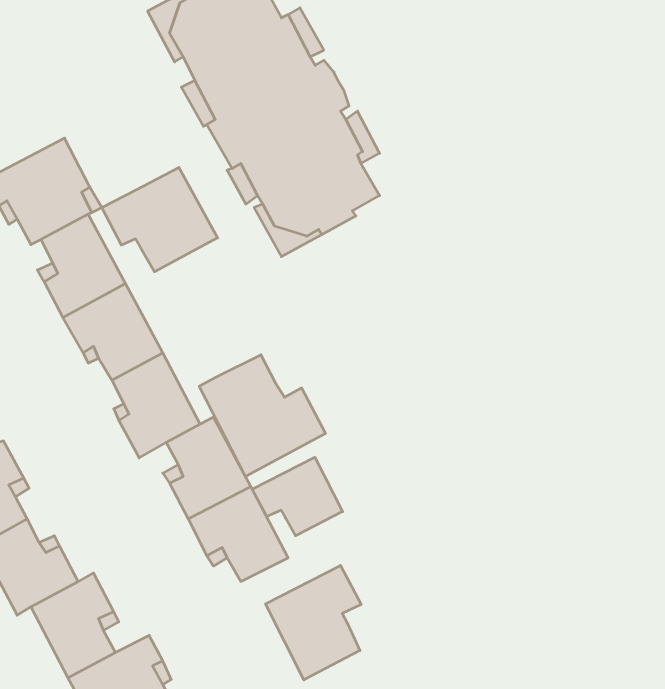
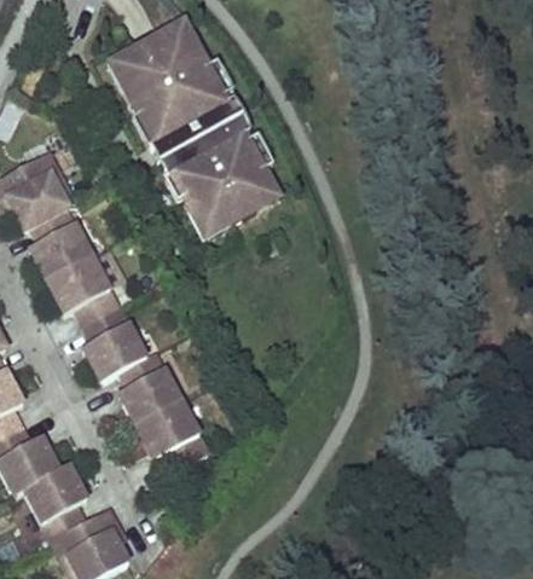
building: [102,167,218,272] -> none
building: [199,355,325,476] -> none
building: [252,457,343,536] -> none
building: [266,565,361,680] -> none

